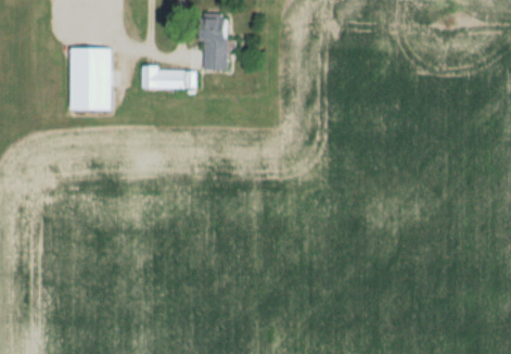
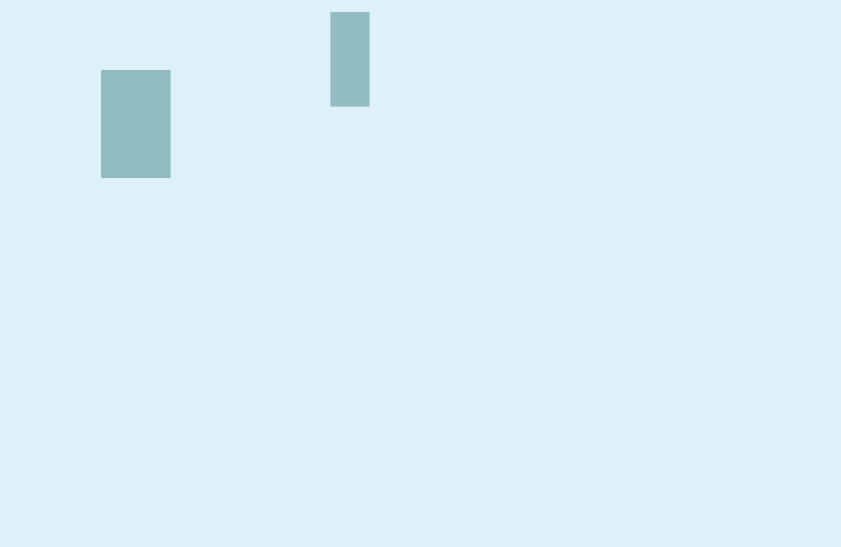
building: [139,68,193,88] -> none

